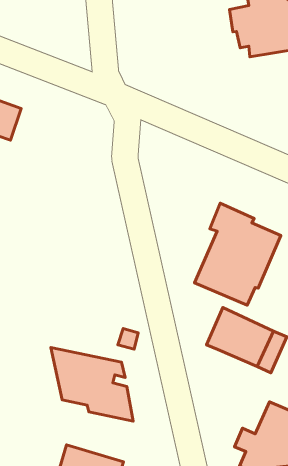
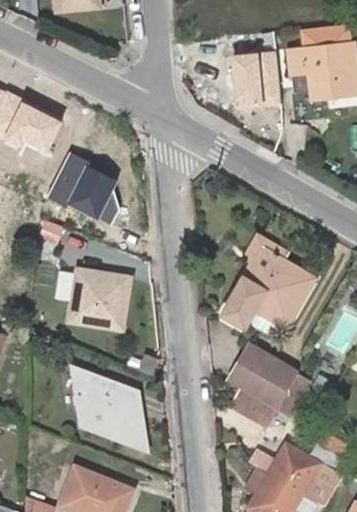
building: none -> [231,51,280,104]
building: none -> [50,156,119,224]
building: none -> [62,267,133,333]
building: none -> [229,385,277,427]

